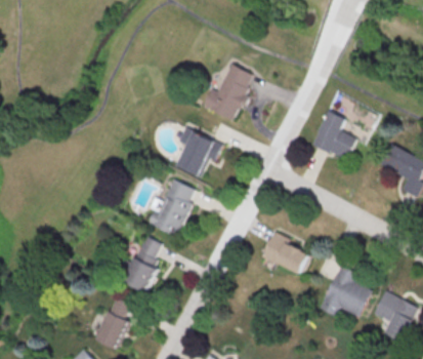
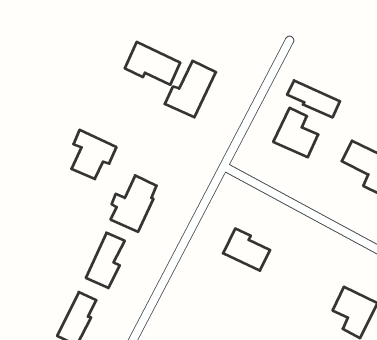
building: none -> [125,42,180,85]
building: none -> [287,80,340,117]
building: [176,126,221,175] -> [71,130,116,179]
building: [318,264,369,316] -> none

